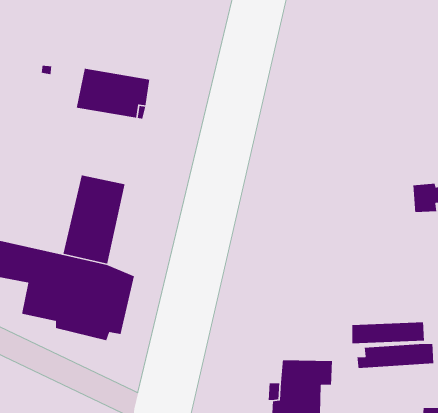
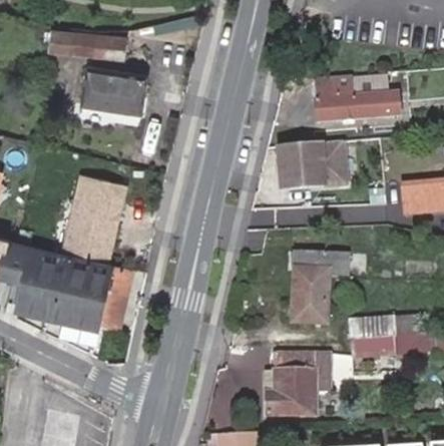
building: none -> [48,32,127,63]
building: none -> [312,73,399,120]
building: none -> [281,138,348,184]
building: none -> [291,252,345,322]

